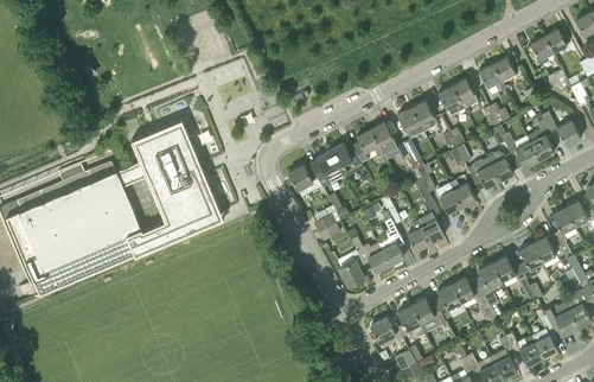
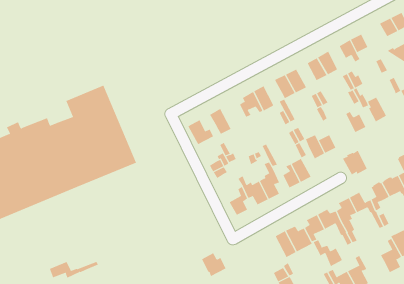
building: [526,115,555,160] -> none
building: [330,144,362,176] -> none
building: [467,158,499,190] -> [342,150,368,175]
building: [371,318,403,349] -> [201,252,227,277]
building: [505,332,543,367] -> [313,239,343,267]
building: none -> [49,261,99,278]

